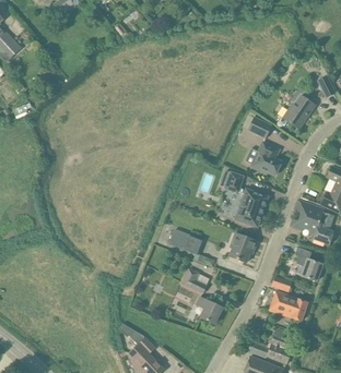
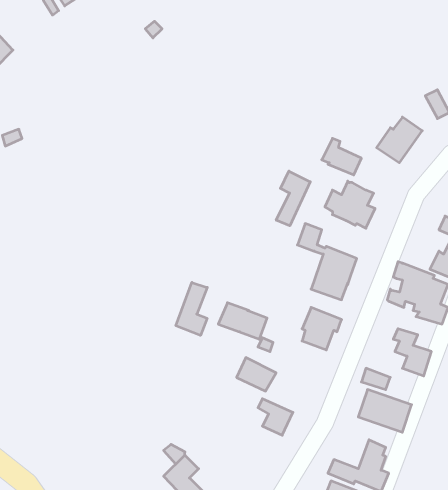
building: none -> [276,171,310,226]
building: none -> [176,282,207,335]

